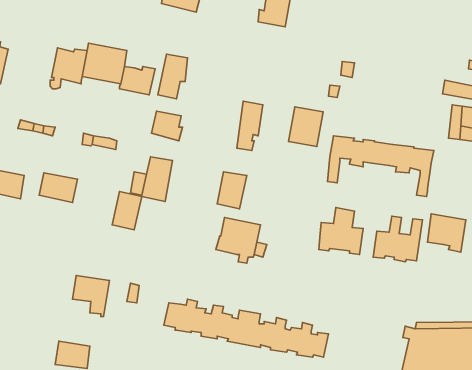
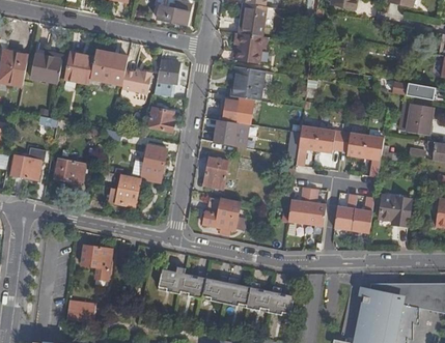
building: none -> [233,32,266,63]
building: none -> [30,50,63,83]
building: [288,107,323,146] -> [235,66,265,99]

